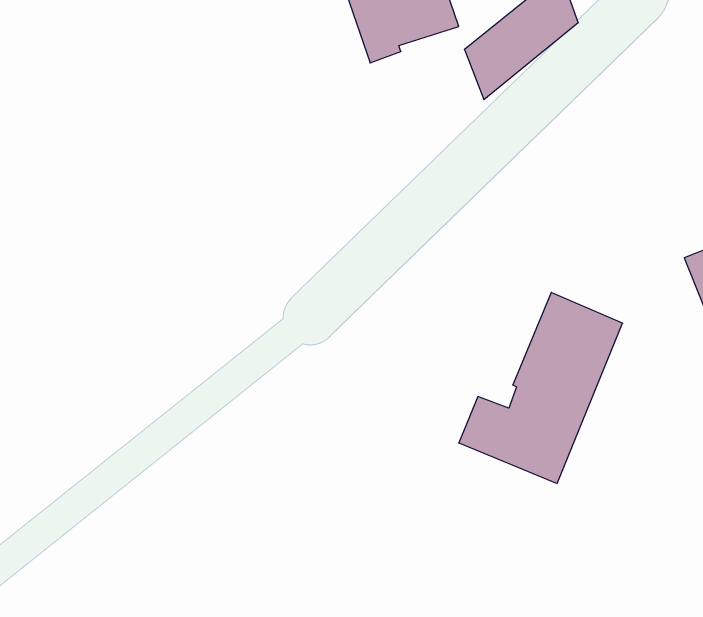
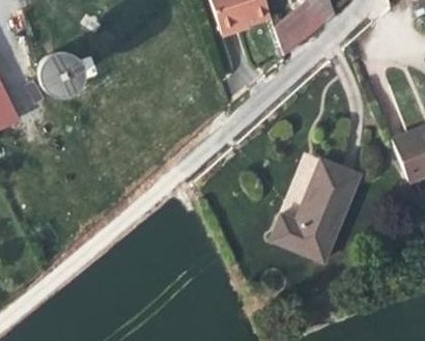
building: none -> [38,54,73,88]

